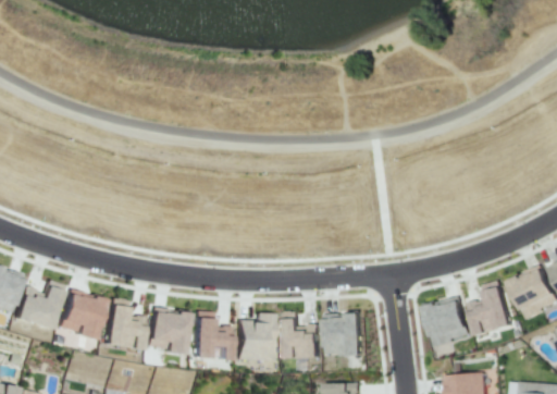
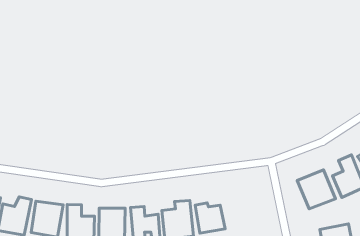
building: [322,311,362,357] -> none

